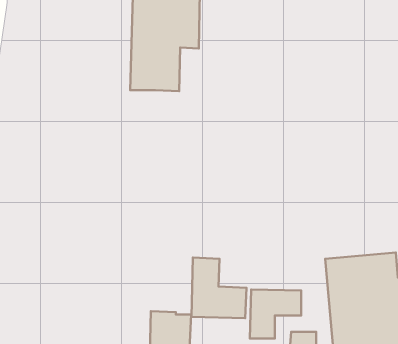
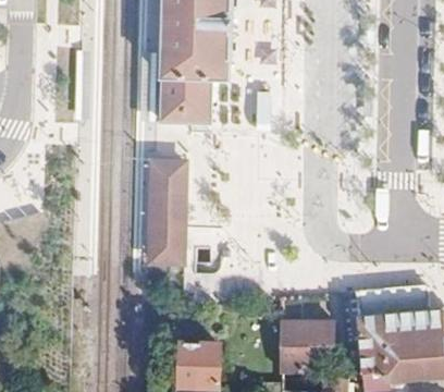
building: none -> [148,161,182,260]
building: [192,257,246,318] -> none

